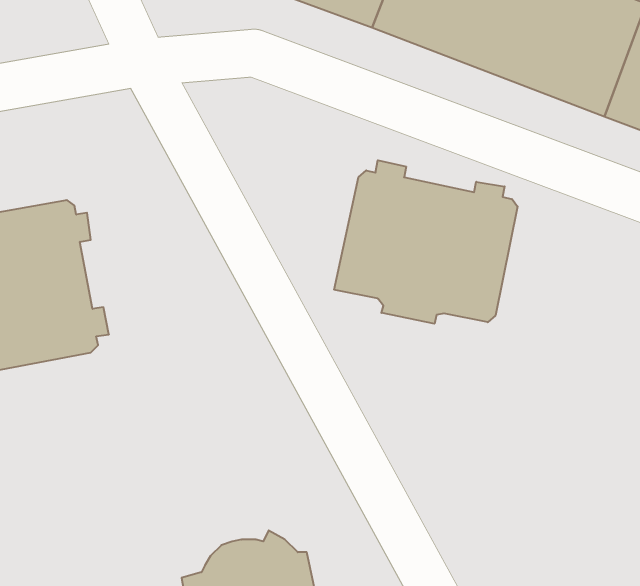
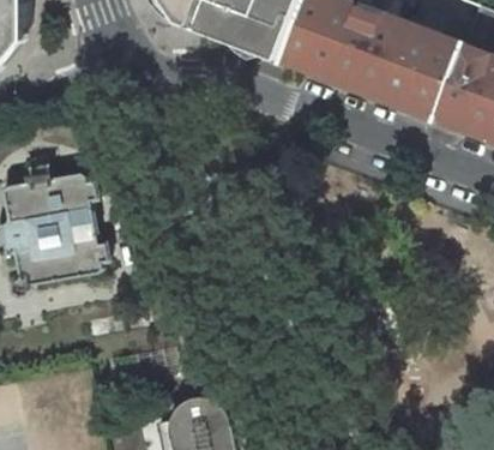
building: [334,160,518,324] -> none

